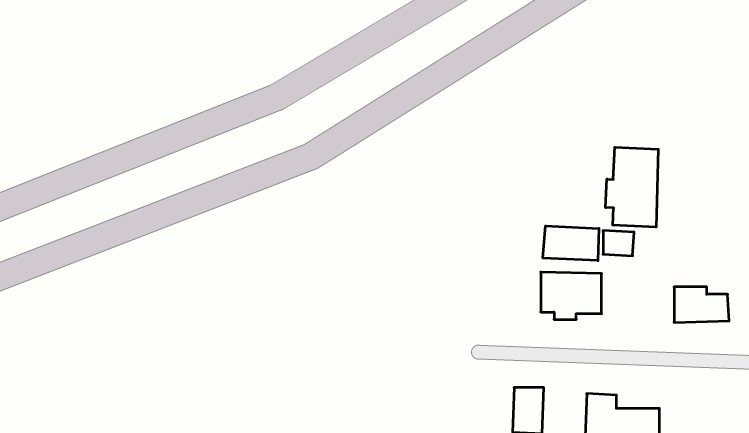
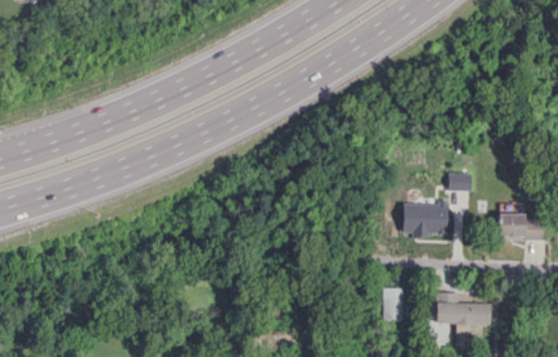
building: [606,147,658,227] -> none
building: [543,226,599,261] -> none

